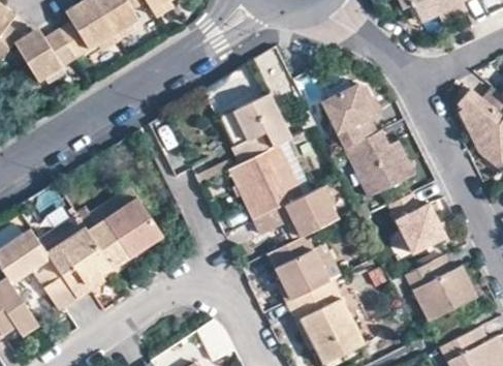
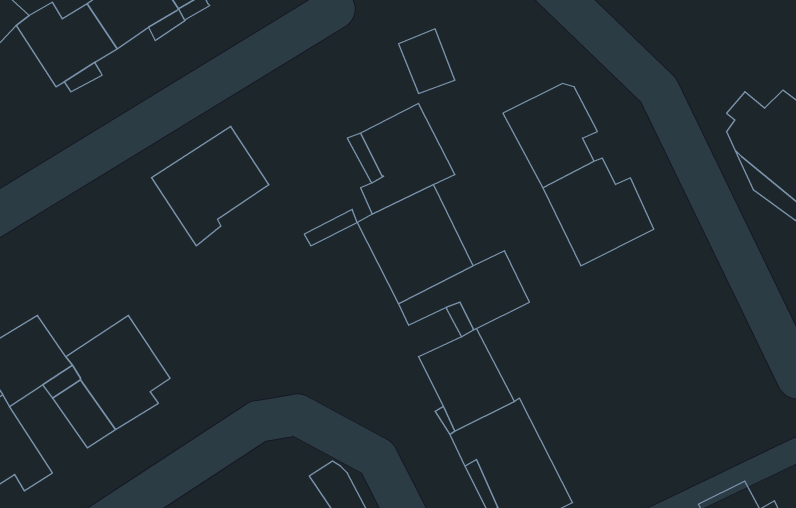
building: [385,192,445,253] -> none
building: [88,199,161,273] -> [151,126,269,246]
building: [405,260,464,319] -> none

